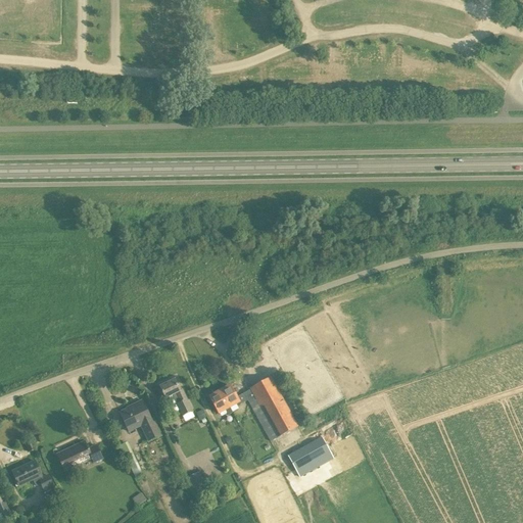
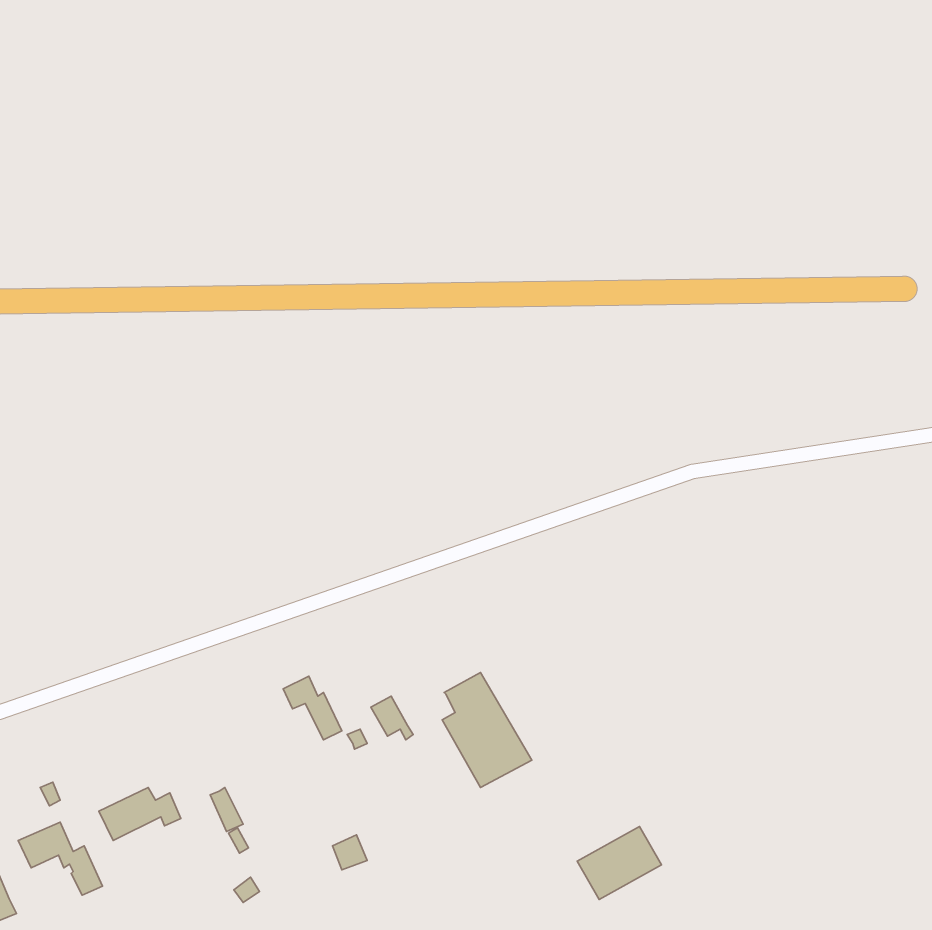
building: [219,384,254,406] -> none
building: [118,399,159,439] -> none
building: [286,435,333,476] -> [577,826,661,900]

